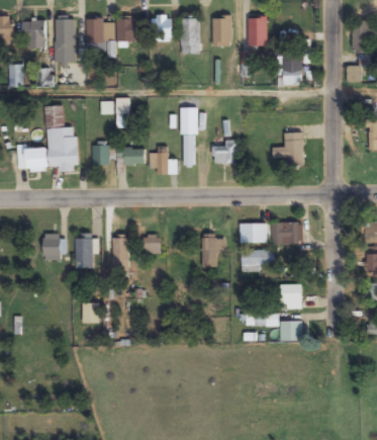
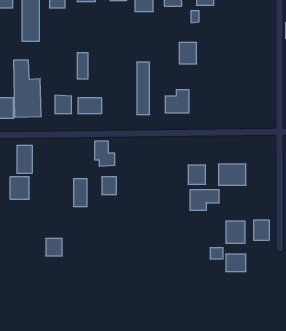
building: [283,60,302,83] -> [179,43,197,64]
building: [272,133,303,166] -> none
building: [152,147,174,174] -> [95,141,115,166]
building: [202,233,224,267] -> none
building: [75,237,92,267] -> [17,146,32,173]
building: none -> [254,220,269,240]

